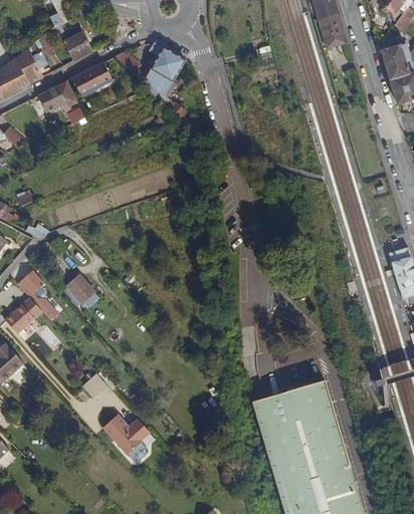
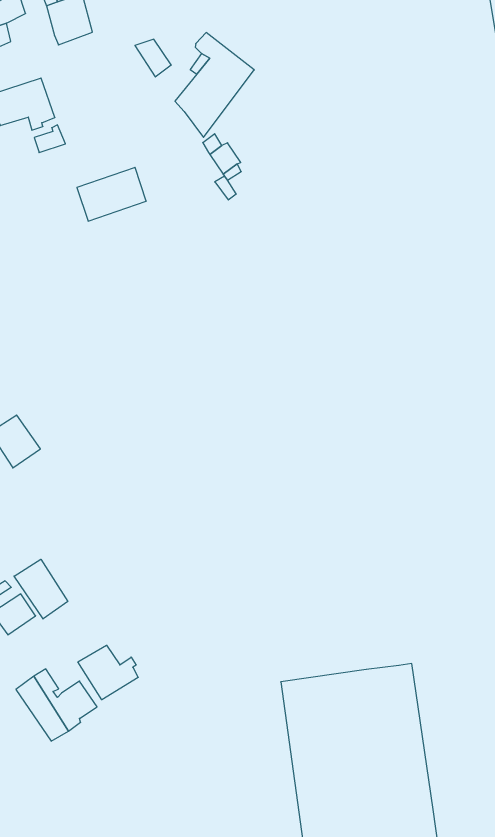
building: [72,61,113,95] -> [77,167,146,221]
building: none -> [14,559,68,619]
building: none -> [78,645,138,700]

